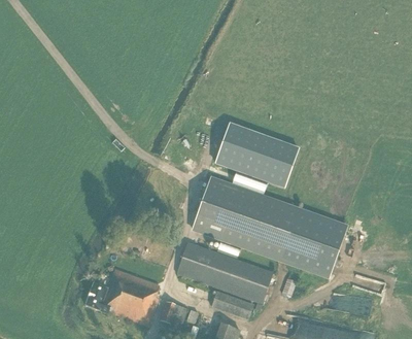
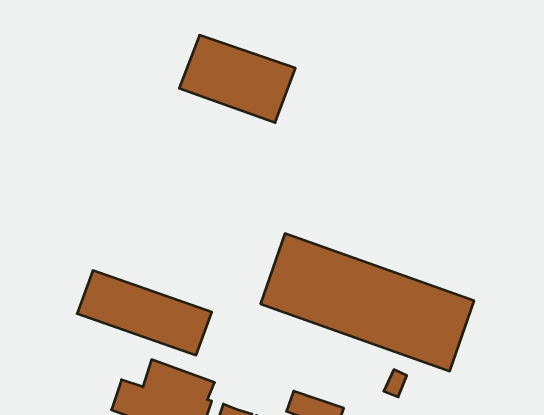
building: [215,125,299,188] -> [179,35,295,123]
building: [176,242,273,303] -> [77,271,212,355]

